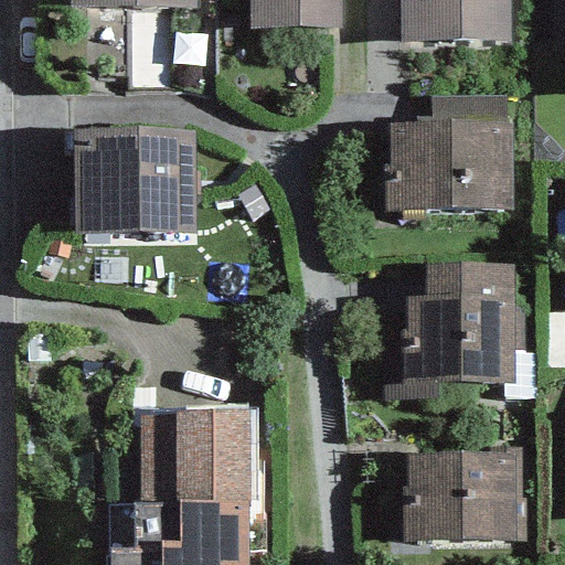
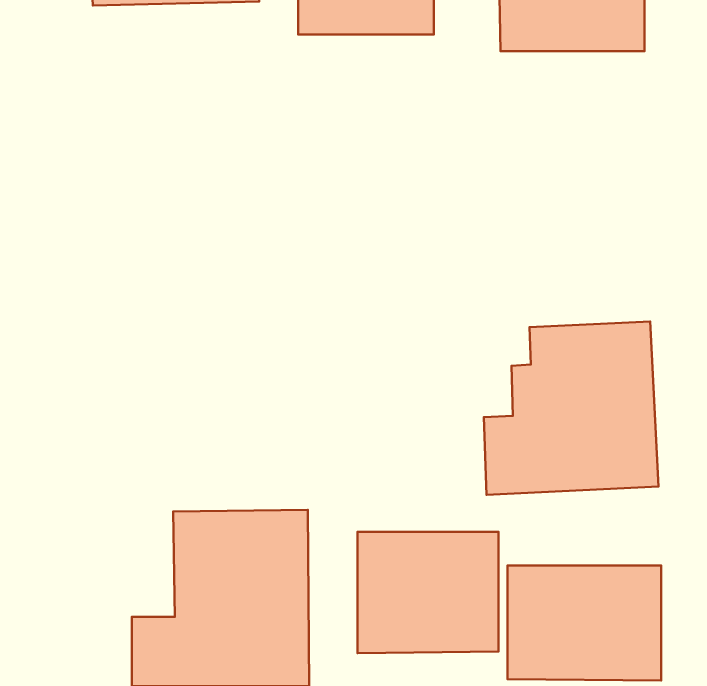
building: [75,120,196,224] -> none
building: [392,125,519,212] -> none
building: none -> [357,532,499,653]

